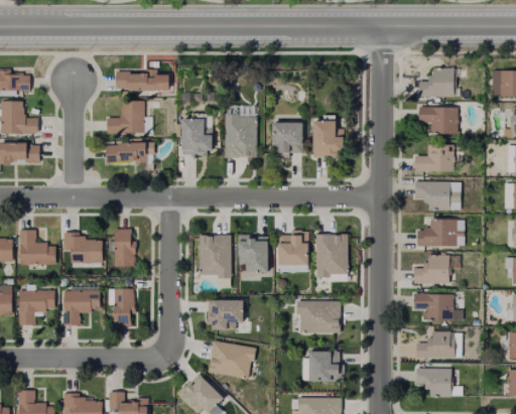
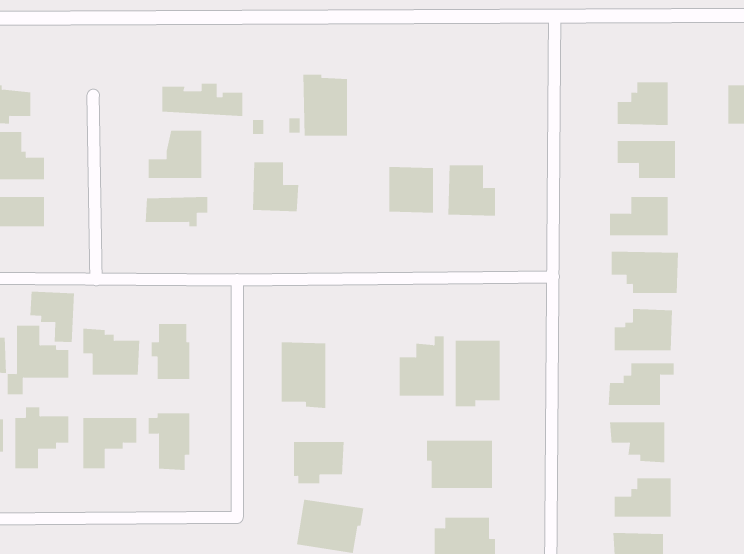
building: [223,113,253,154] -> [302,74,348,136]
building: none -> [30,291,74,343]
building: [237,249,266,280] -> none

